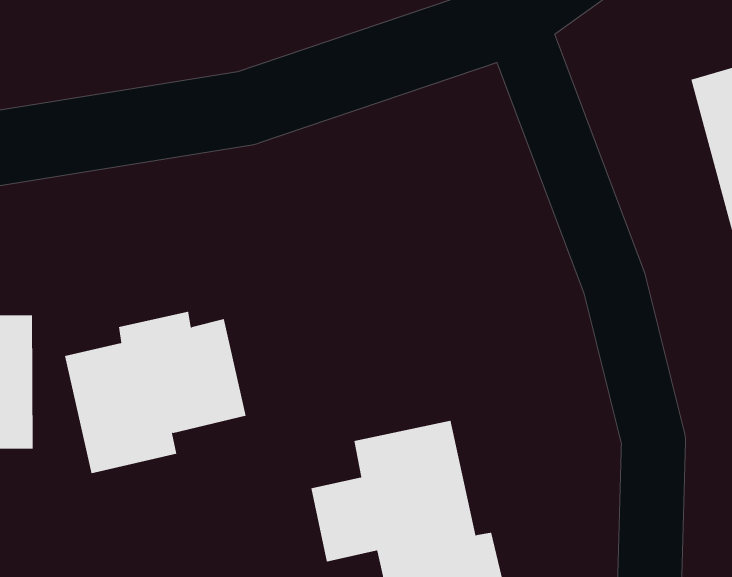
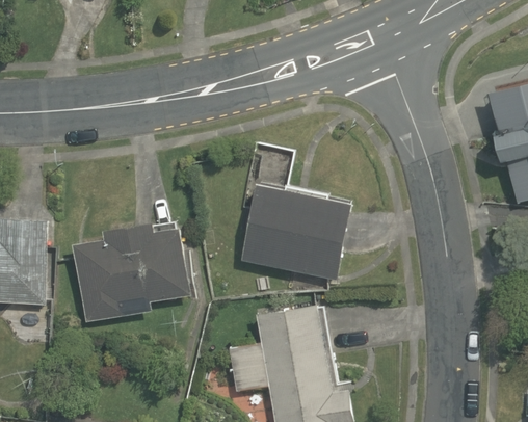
building: none -> [241,180,350,280]

